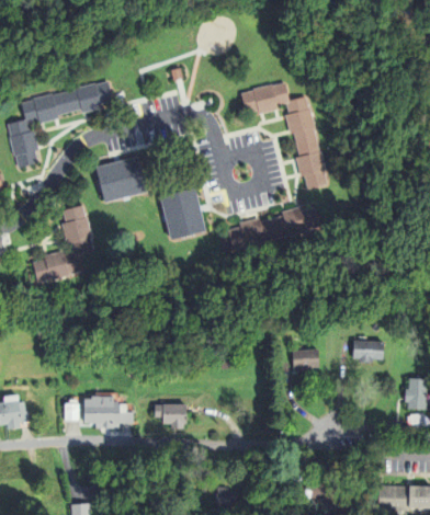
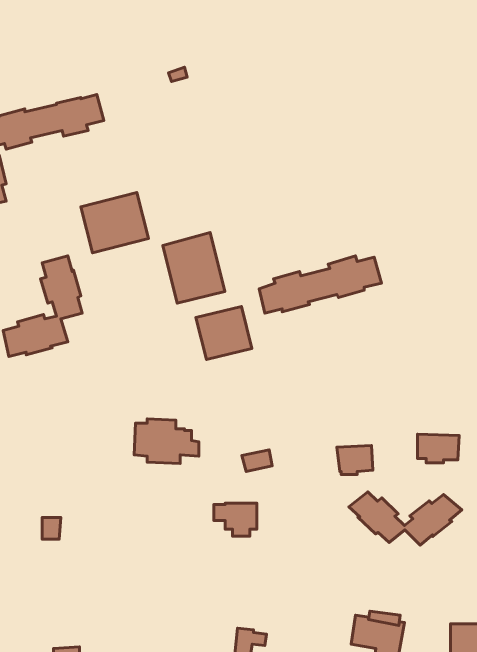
building: [240,82,327,187] -> none
building: none -> [196,306,252,359]
building: none -> [349,492,462,545]
building: [84,396,134,430] -> [134,419,199,463]
building: [155,403,188,428] -> [214,503,257,536]

